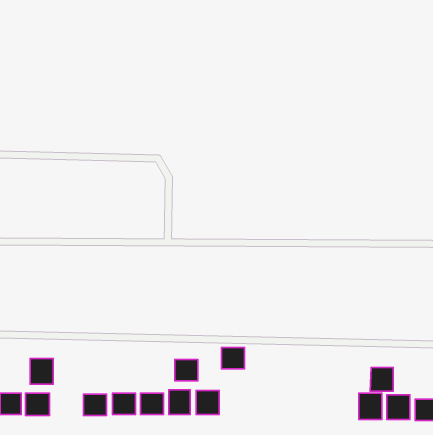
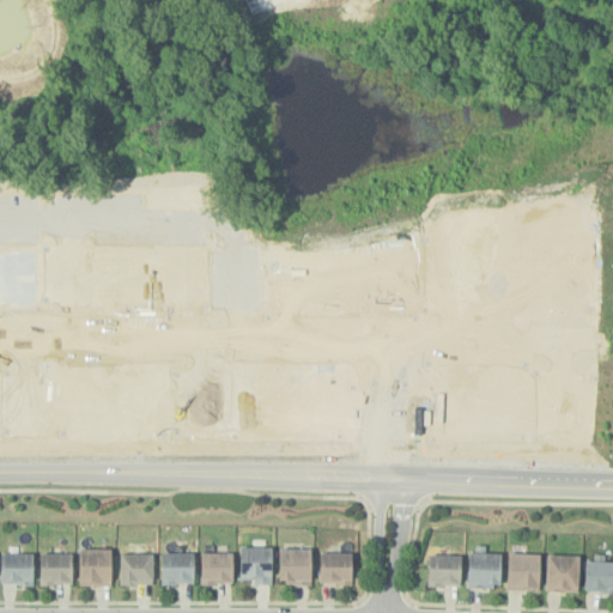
building: [222,348,245,369] -> [320,553,352,583]
building: [30,359,53,384] -> [79,550,111,585]
building: [175,359,198,381] -> none
building: [370,367,393,391] -> [468,553,500,587]
building: none -> [429,554,461,585]

